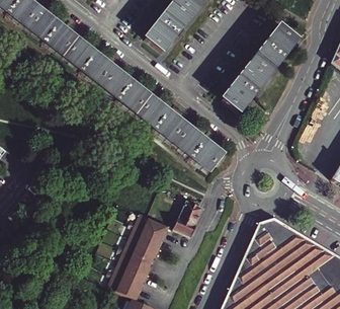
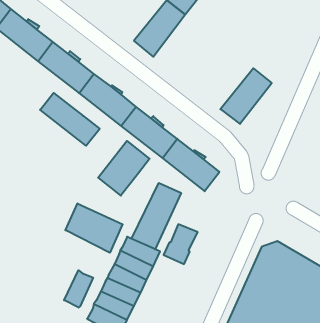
building: [253,24,299,75] -> none
building: none -> [40,93,100,146]
building: none -> [98,141,150,196]
building: none -> [131,183,181,249]
building: none -> [65,203,123,253]
building: none -> [64,270,93,308]

